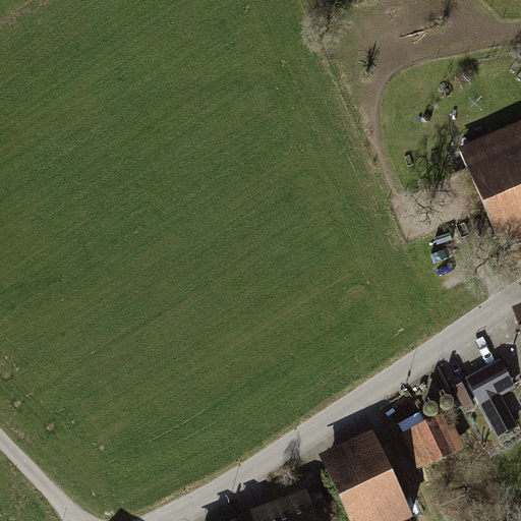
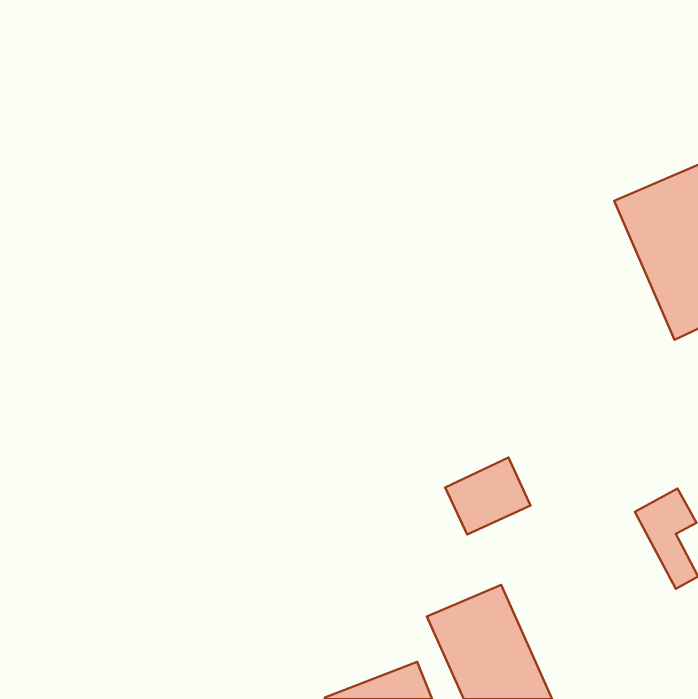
building: [402,413,465,470] -> [445,457,530,534]

